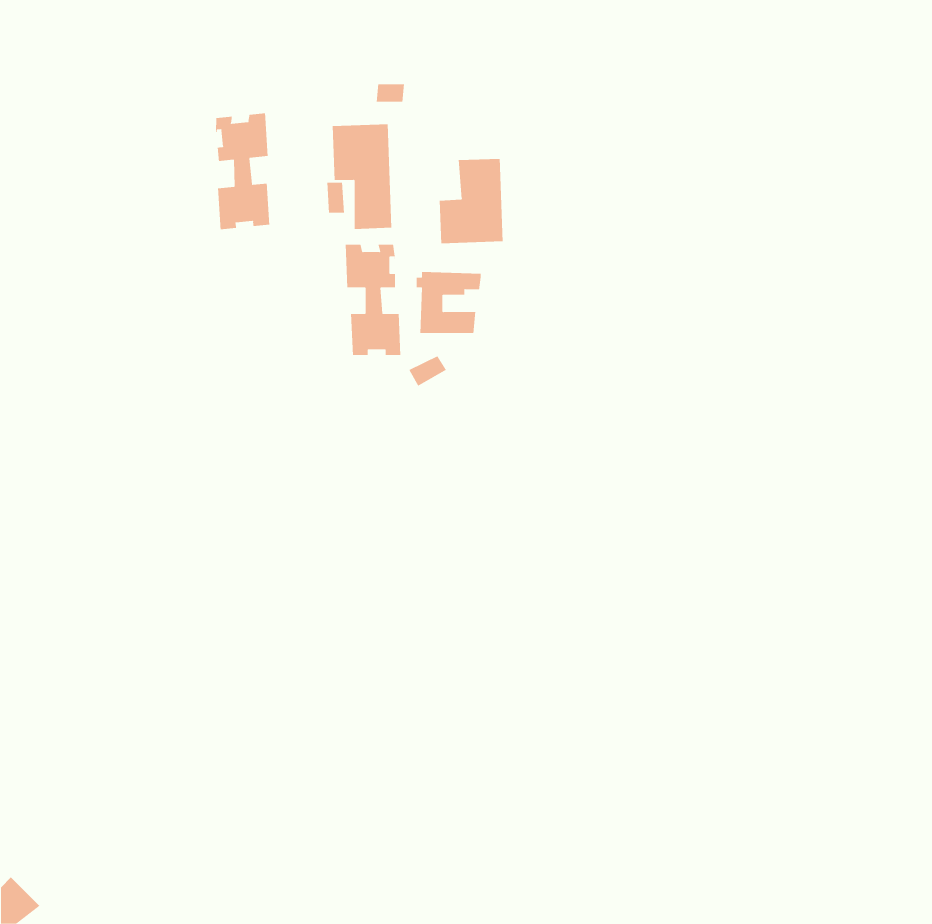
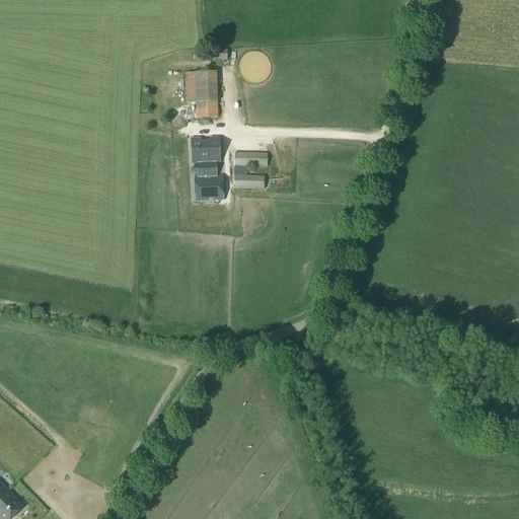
building: [216,112,270,230] -> none
building: [439,158,503,244] -> none

